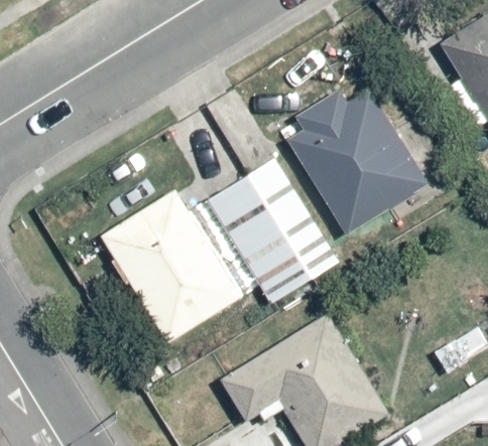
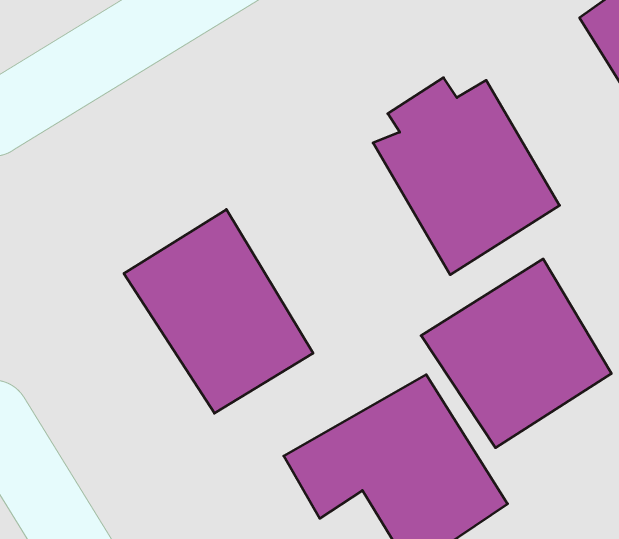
building: [205,158,336,301] -> none
building: none -> [421,259,611,448]

